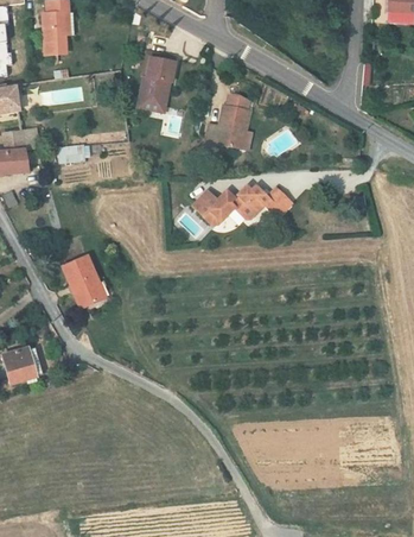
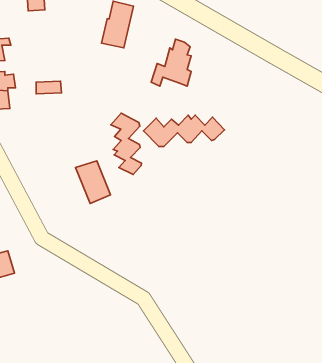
building: none -> [111,113,142,174]
building: [59,259,102,311] -> [75,161,111,204]

